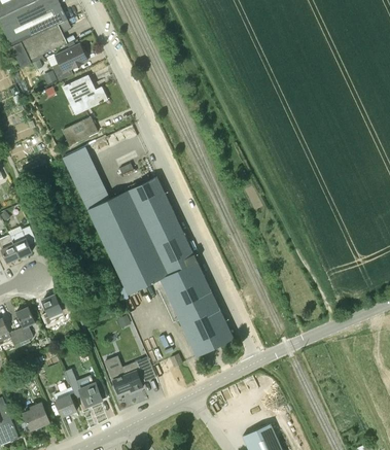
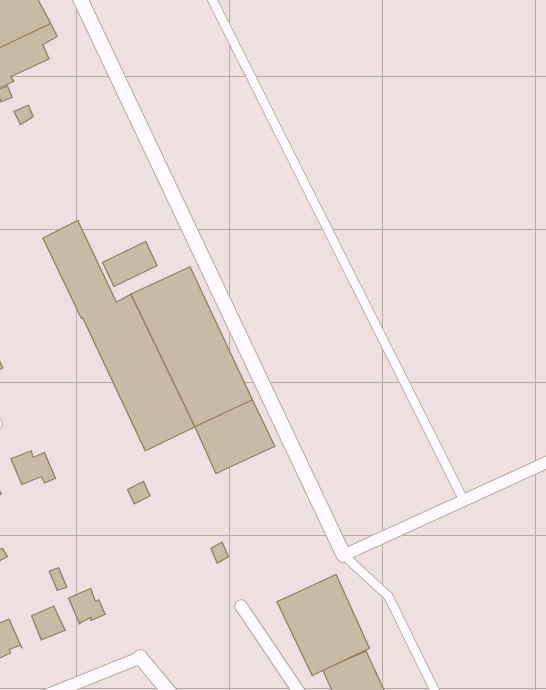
building: [51,44,86,80] -> none
building: [62,76,107,108] -> none
building: [62,116,97,145] -> [103,242,157,286]
building: [173,291,233,356] -> [277,575,370,675]
building: [108,356,155,393] -> none

